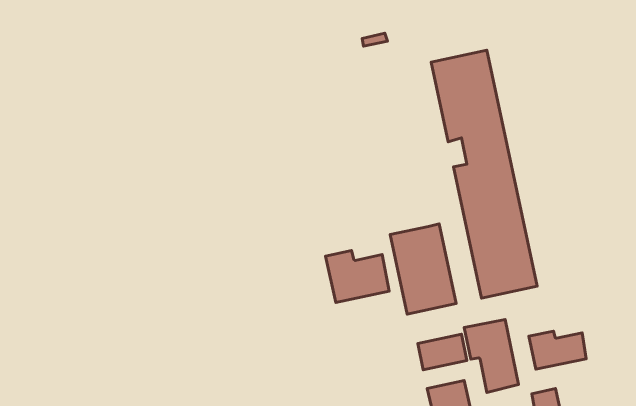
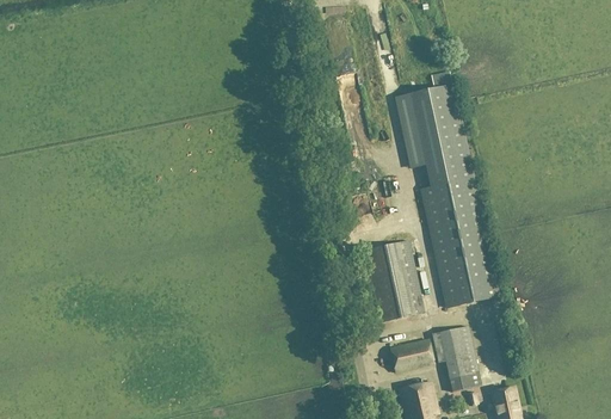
building: [325,251,389,303] -> none
building: [529,331,586,369] -> none

